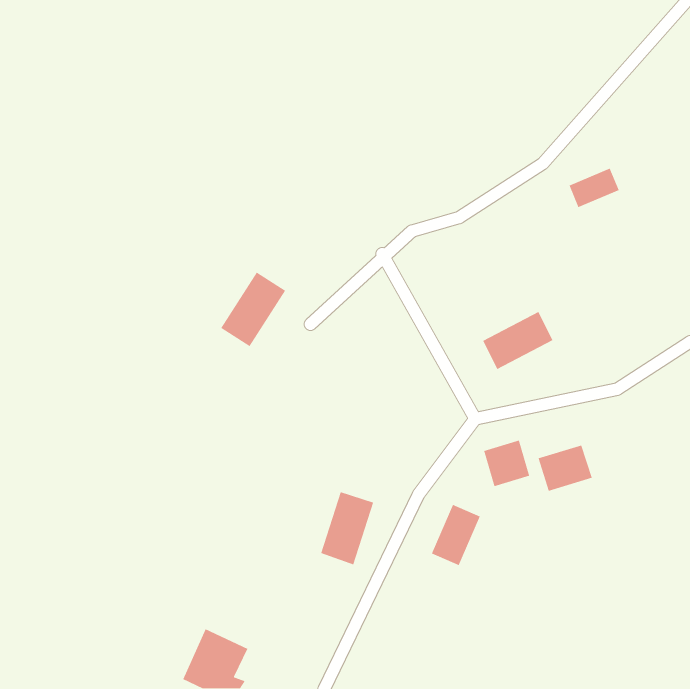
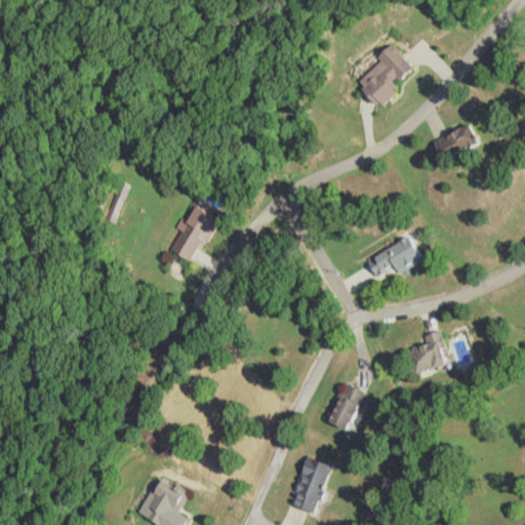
building: none -> [353,43,411,109]
building: [483,439,530,487] -> none
building: [320,491,374,566] -> [290,455,331,512]

